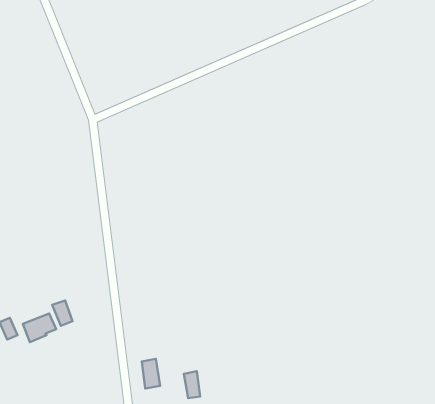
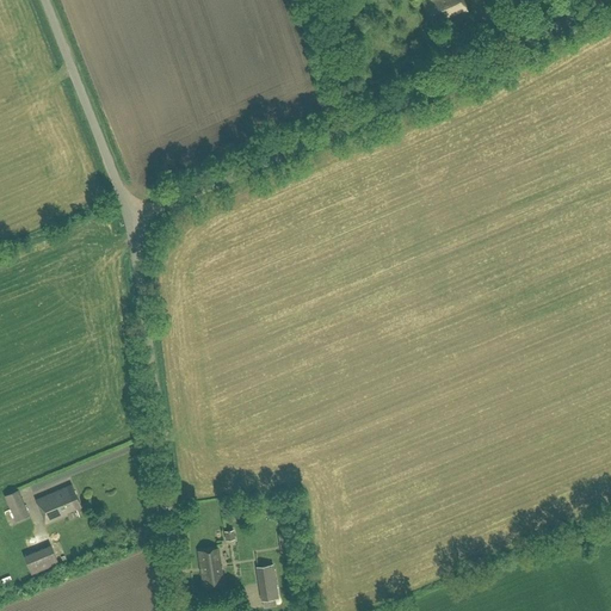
building: [52,300,73,326] -> none
building: none -> [23,544,57,573]

